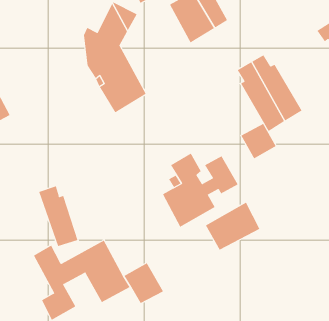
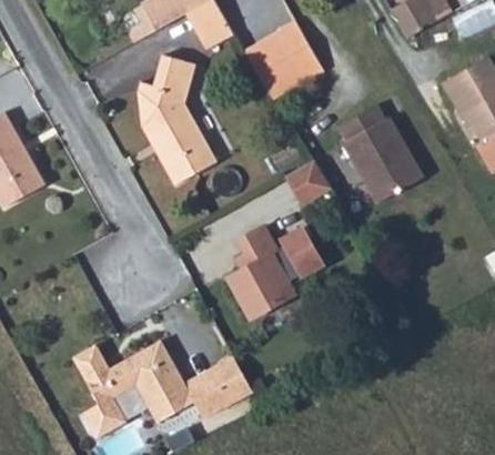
building: [241,123,277,159] -> [281,161,326,206]
building: [39,186,78,247] -> none
building: [205,202,260,251] -> none
building: none -> [218,362,259,410]

